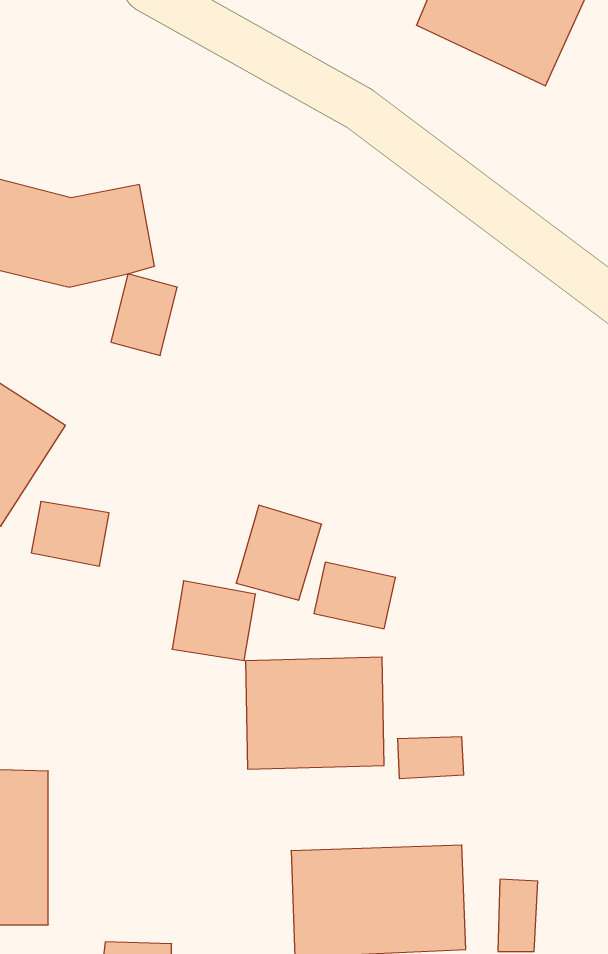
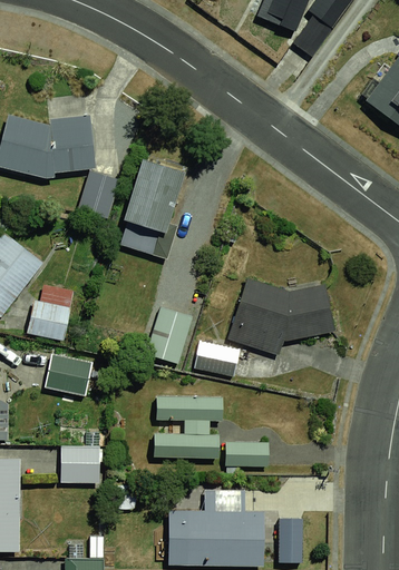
building: none -> [106,154,187,257]
building: none -> [225,278,325,354]
building: [172,581,256,661] -> [37,350,86,396]
building: none -> [61,443,100,482]

